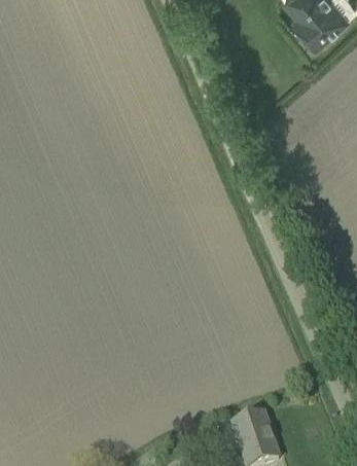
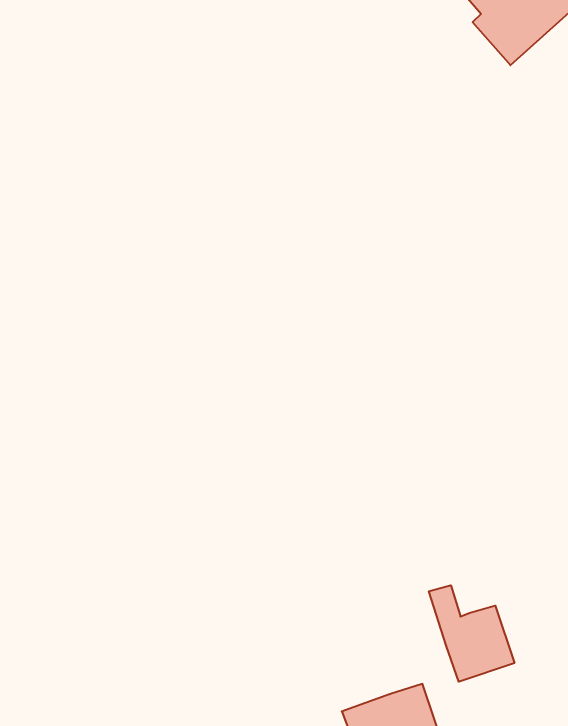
building: none -> [429,585,514,682]

